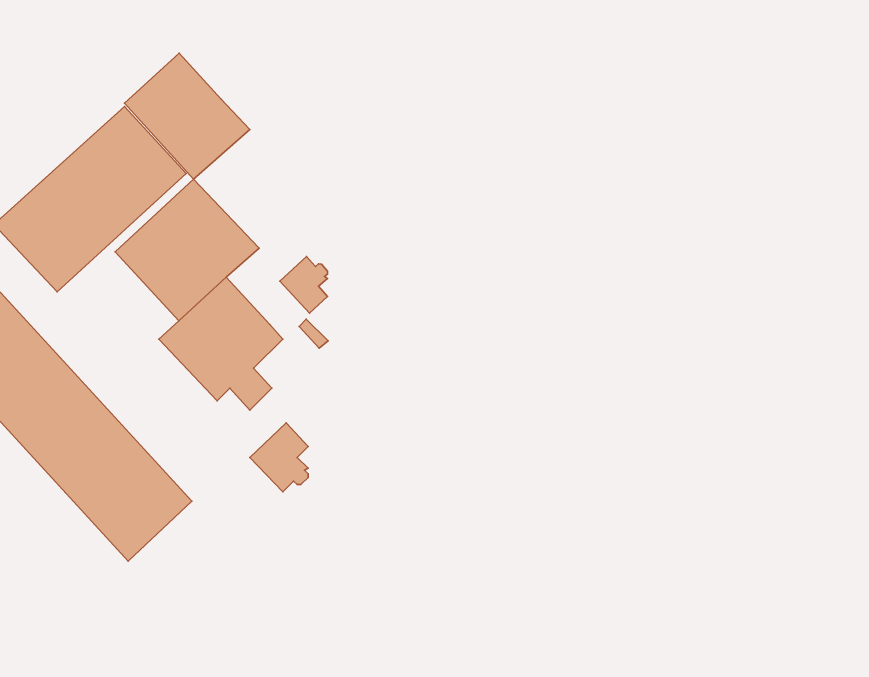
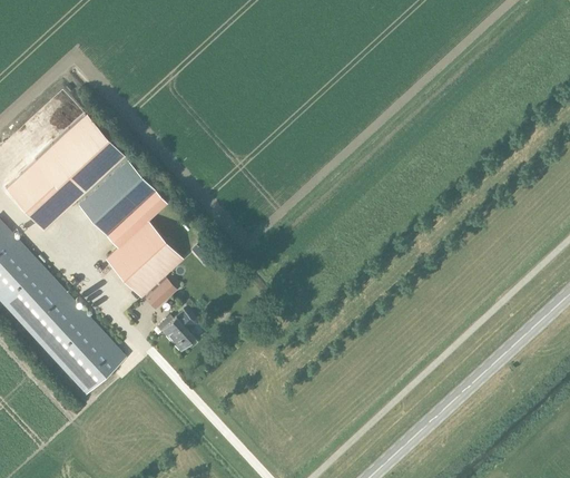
building: [125,53,250,179] -> none
building: [280,256,327,313] -> none

